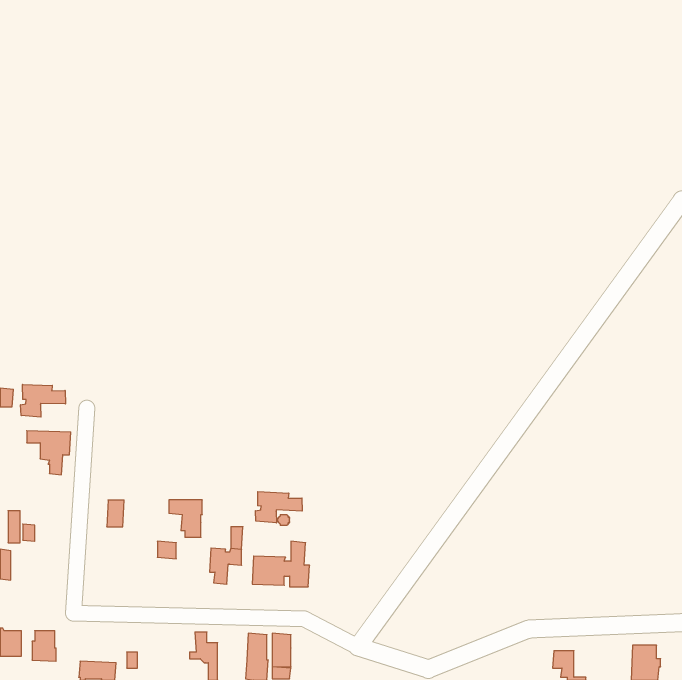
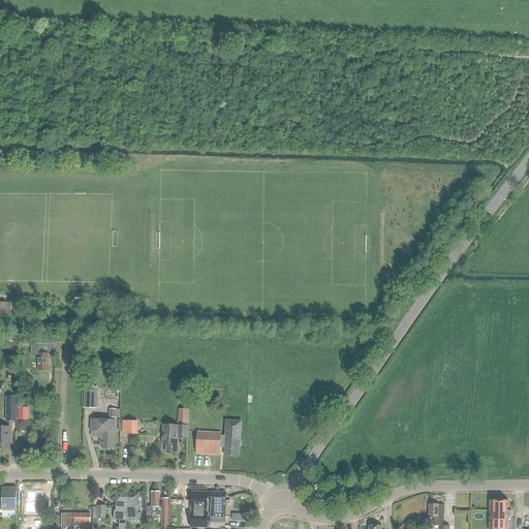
building: [21,384,65,417] -> none
building: [255,492,302,523] -> none
building: [169,500,202,537] -> [90,419,116,448]
building: none -> [114,492,142,520]

